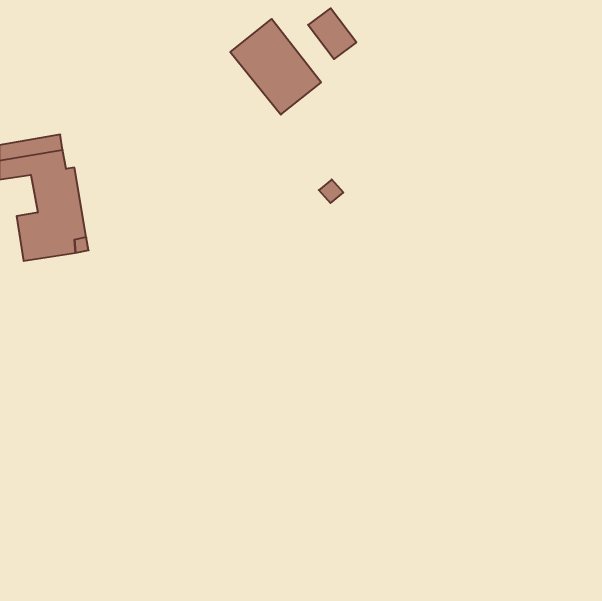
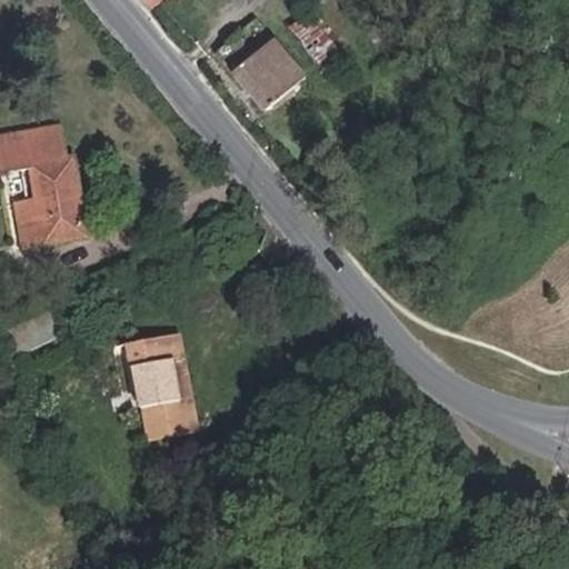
building: none -> [128,332,184,440]

